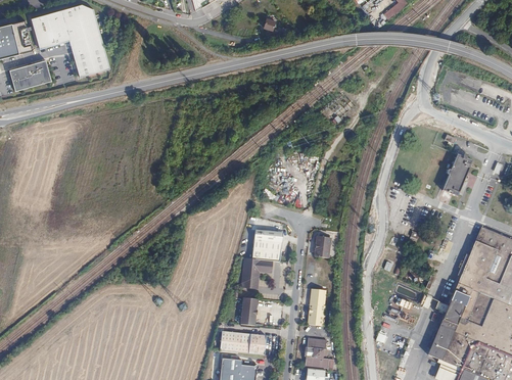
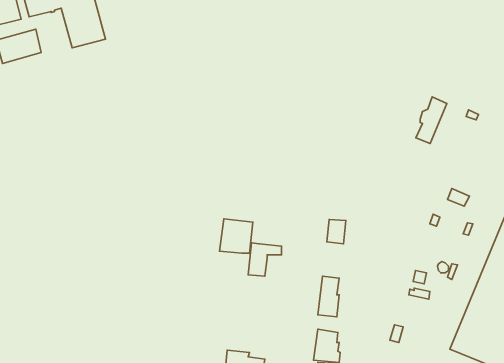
building: [444,153,472,196] -> [416,97,447,143]
building: [252,229,283,260] -> [220,219,253,253]
building: [241,297,259,325] -> none
building: [221,329,267,353] -> none

